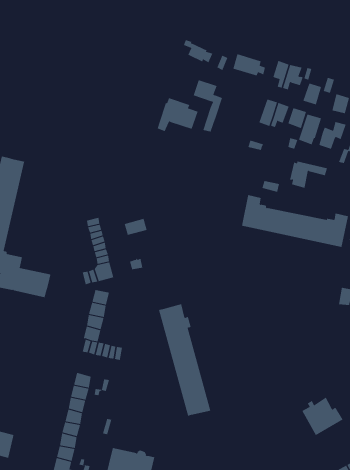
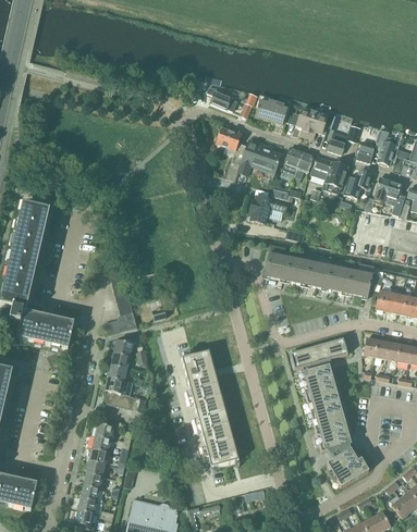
building: [157,97,199,132] -> [238,140,281,175]
building: [289,161,328,189] -> [249,196,289,224]
building: none -> [292,341,348,369]
building: none -> [299,364,352,451]

